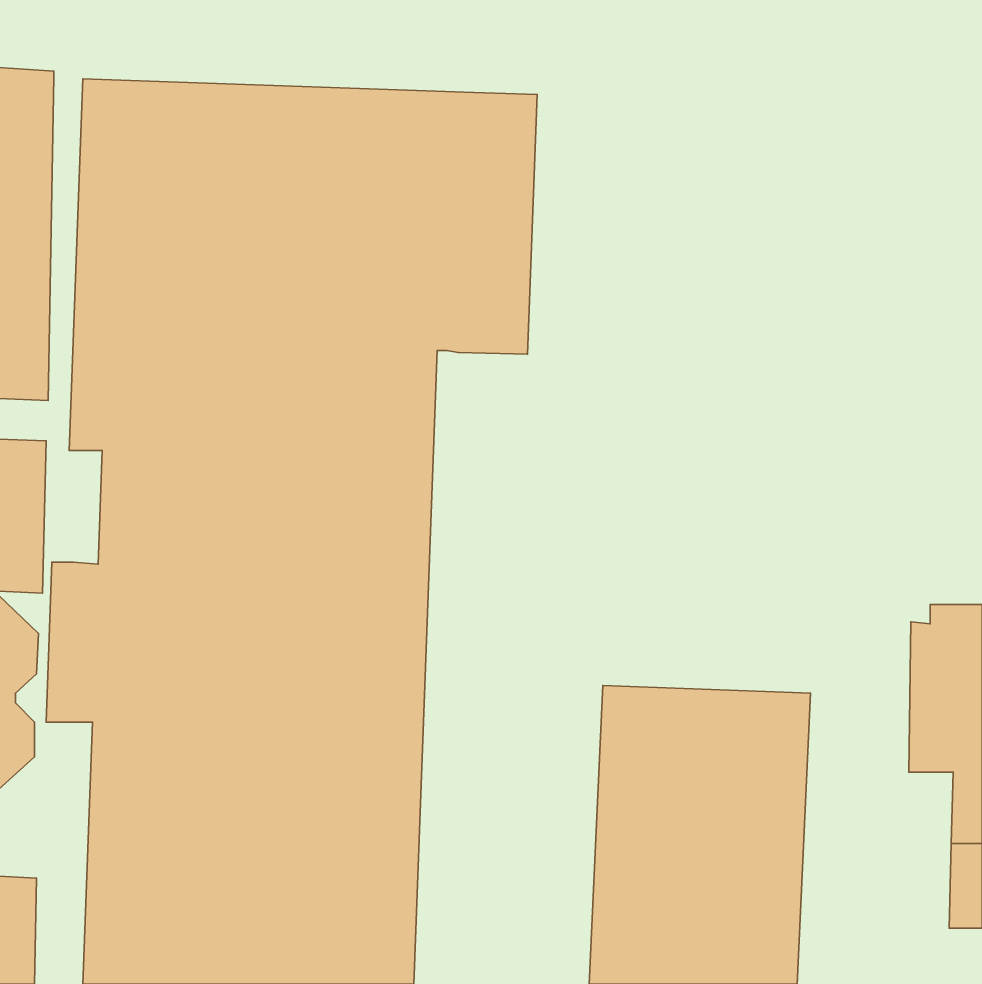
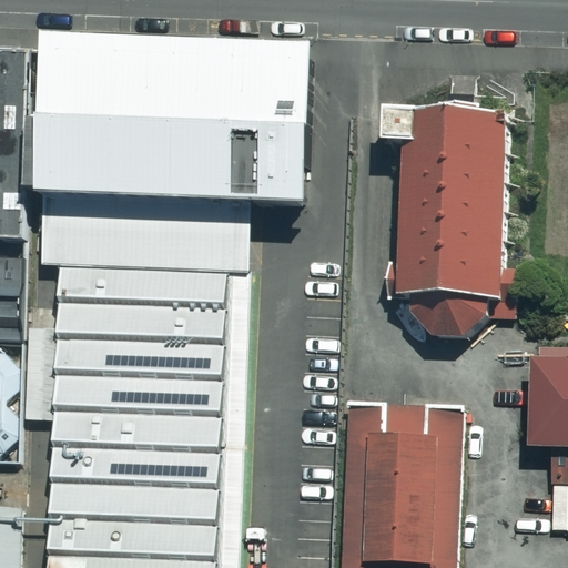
building: none -> [377,104,513,337]

